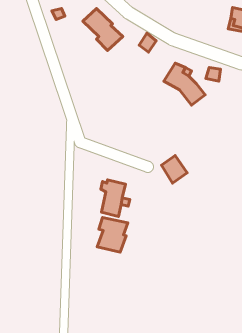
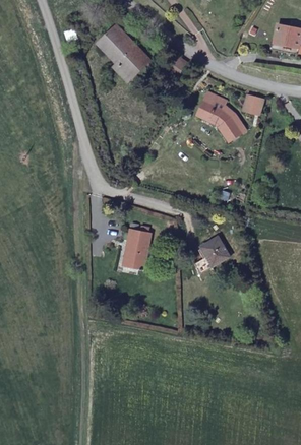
building: [161,156,187,183] -> [201,234,232,266]
building: [97,218,128,252] -> none

